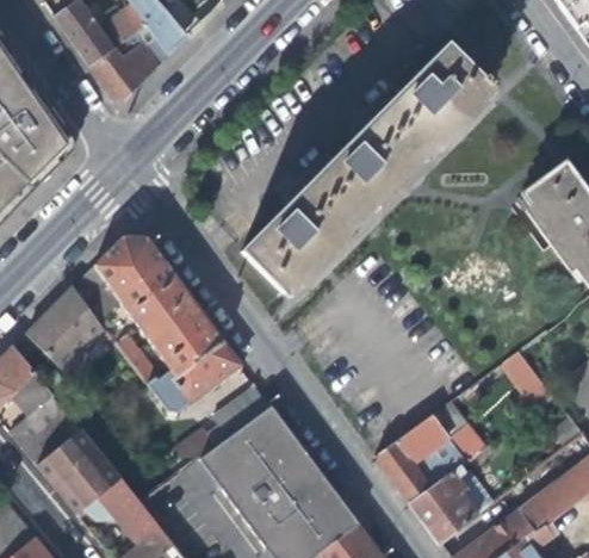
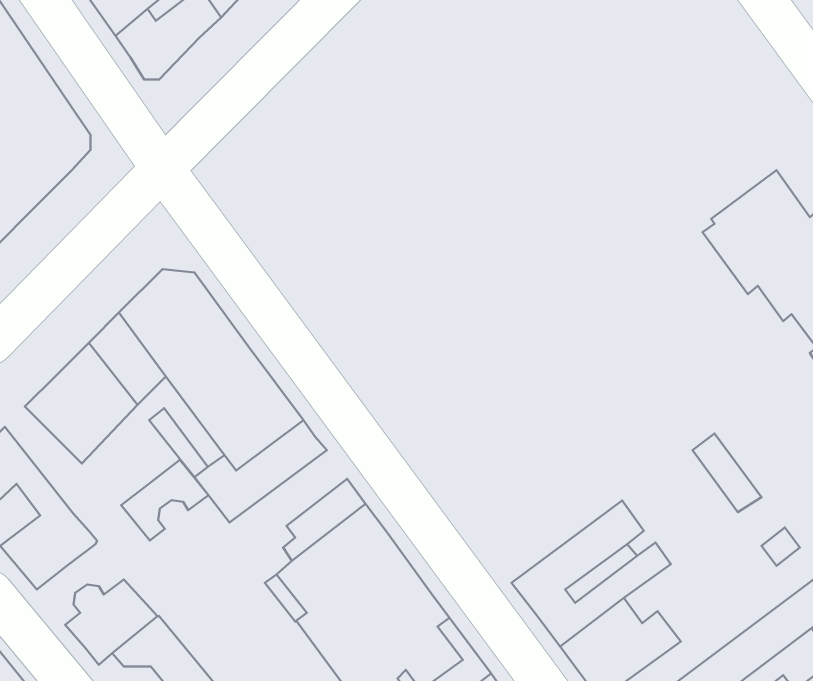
building: [238,48,482,292] -> none
building: [35,429,97,486] -> [121,460,208,540]

